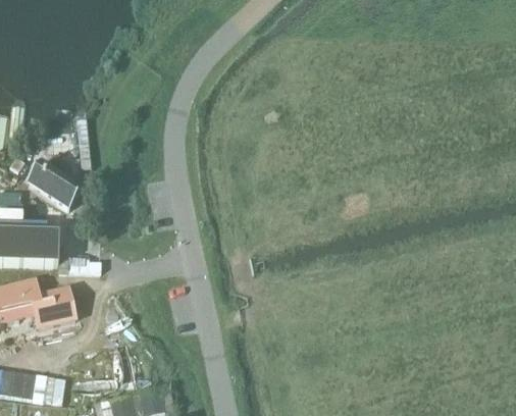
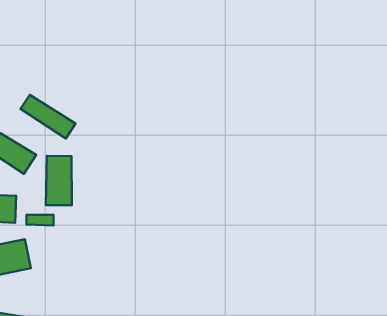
building: none -> [21,95,75,138]
building: none -> [46,156,72,205]

